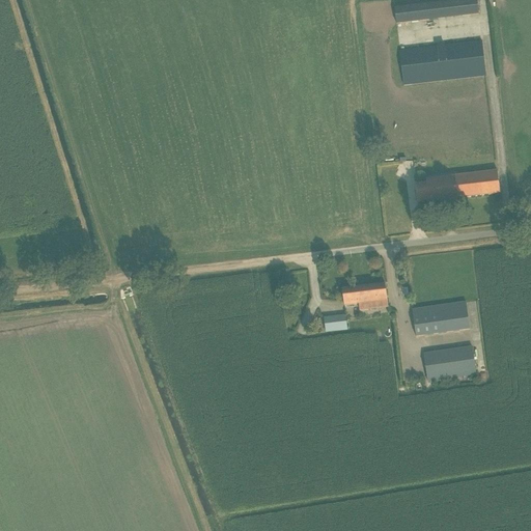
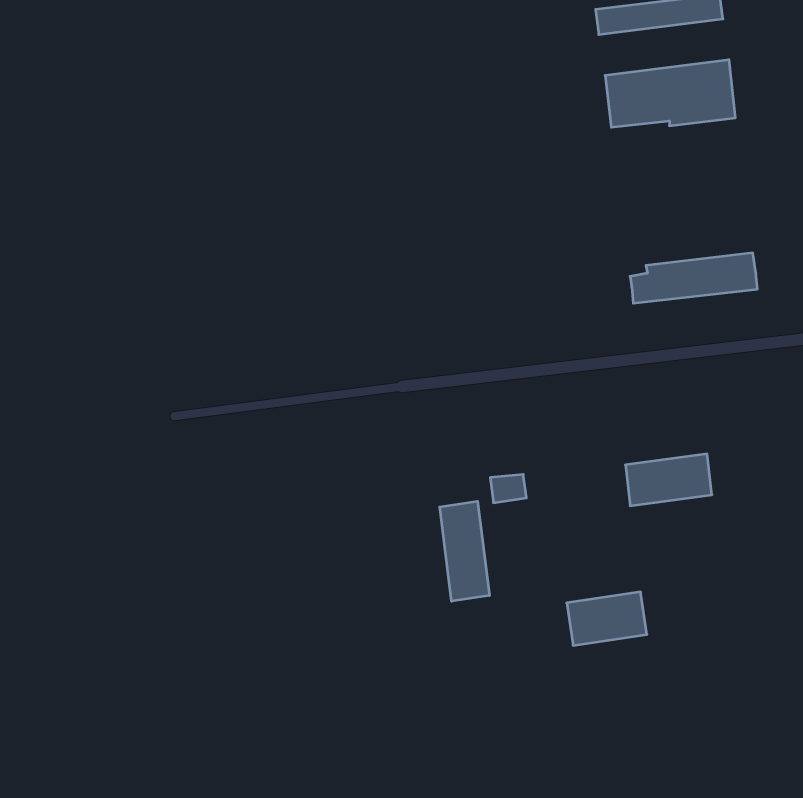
building: [342,281,387,308] -> none
building: none -> [440,501,489,601]
building: [423,343,476,379] -> [567,592,647,645]

